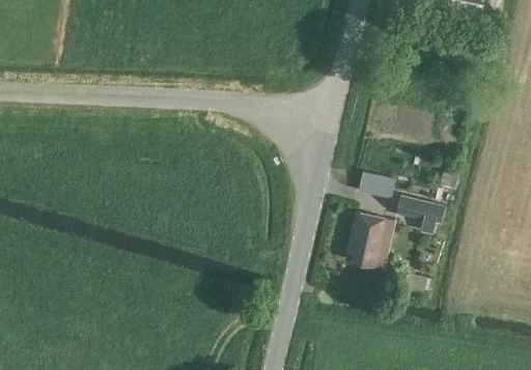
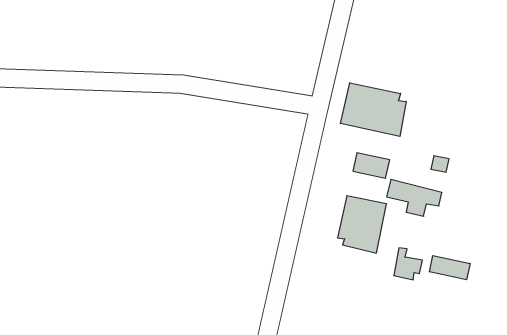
building: none -> [341,83,406,136]
building: none -> [430,256,470,280]

